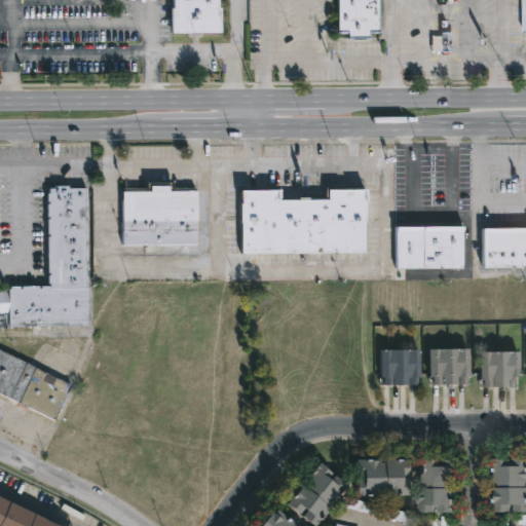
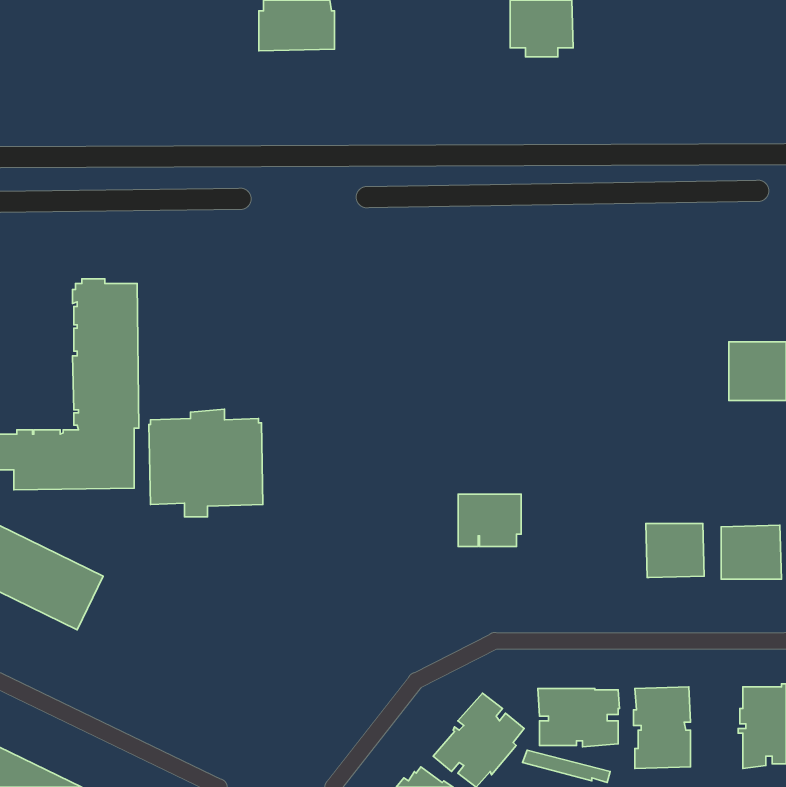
building: [120,181,196,253] -> [149,409,263,517]
building: [238,187,366,253] -> none
building: [393,225,462,268] -> none
building: [381,350,423,385] -> [458,494,521,546]

